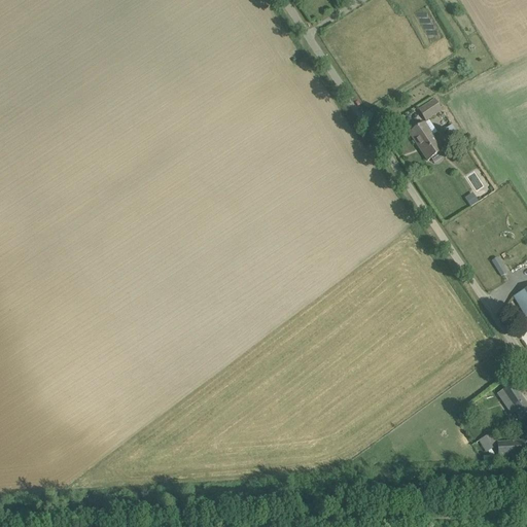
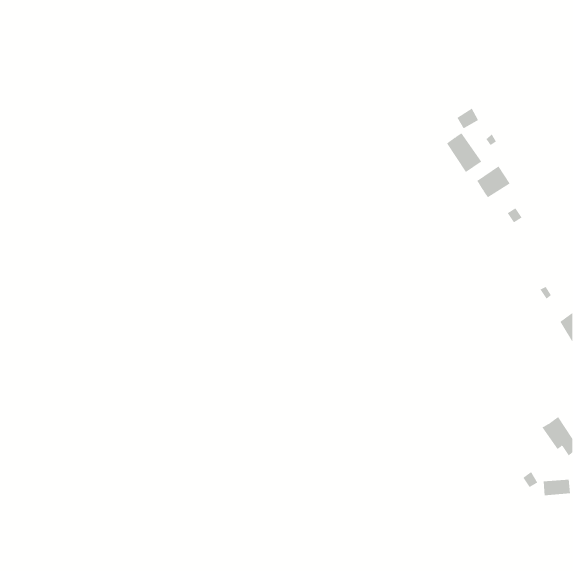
building: none -> [477,165,511,198]

